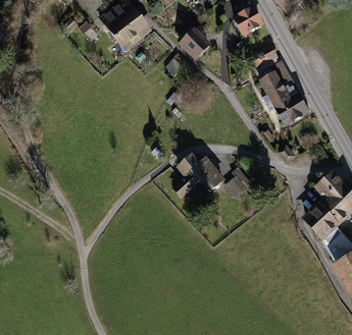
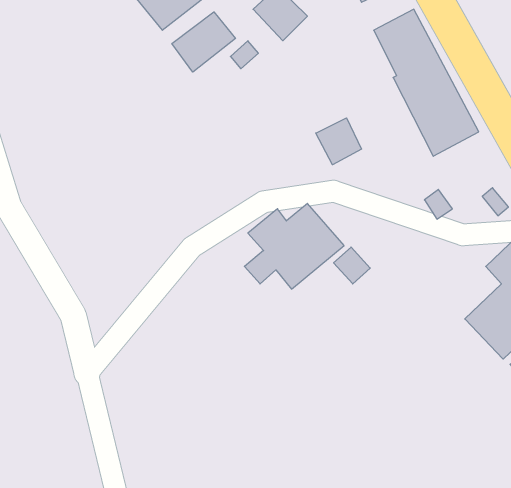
building: none -> [172,12,235,72]
building: none -> [316,118,362,165]

